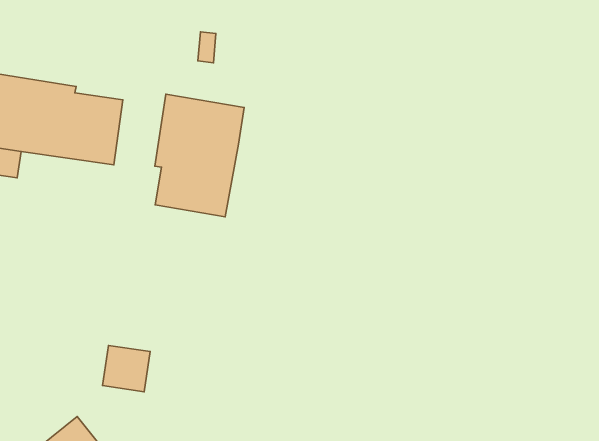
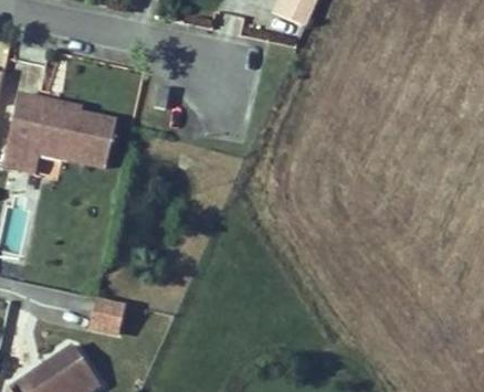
building: [155,94,244,217] -> none

